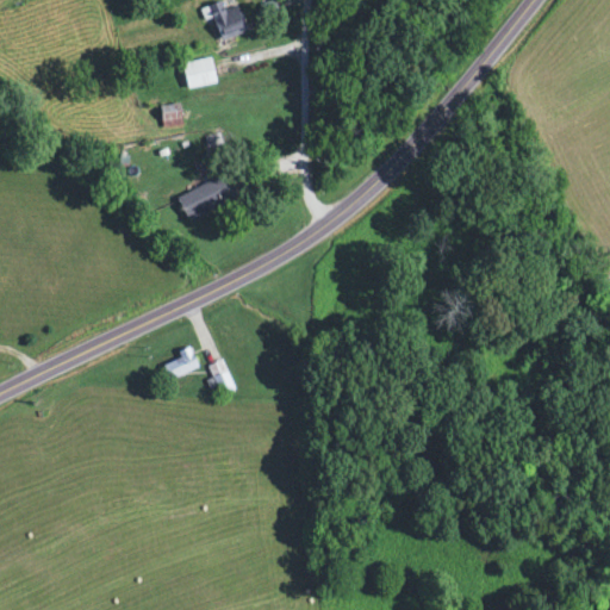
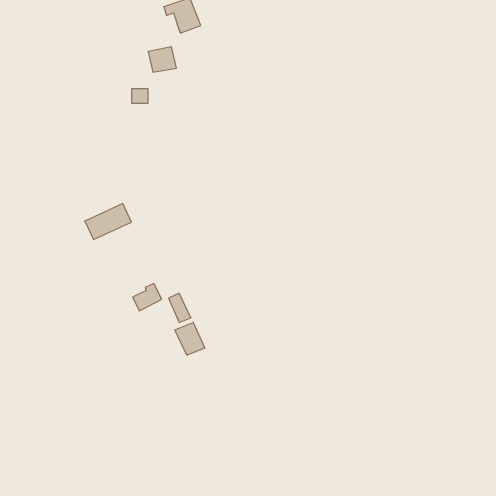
building: [178,175,235,219] -> [85,204,131,240]
building: none -> [175,322,205,355]

